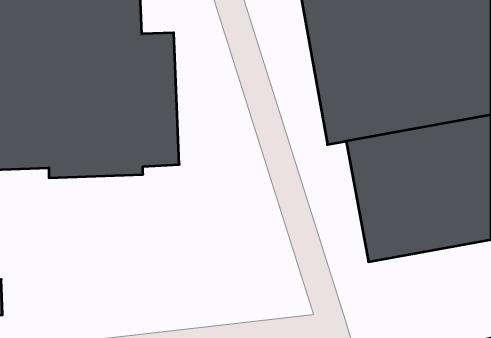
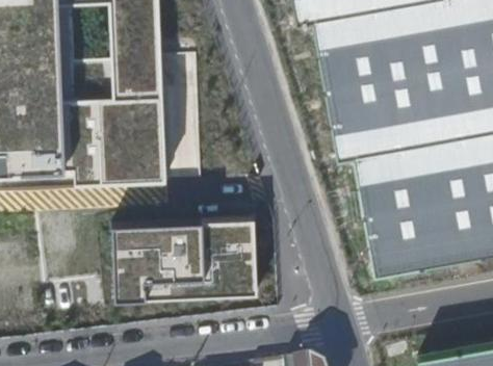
building: none -> [112,221,257,305]

